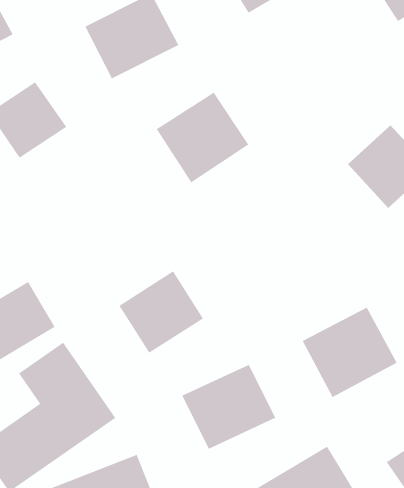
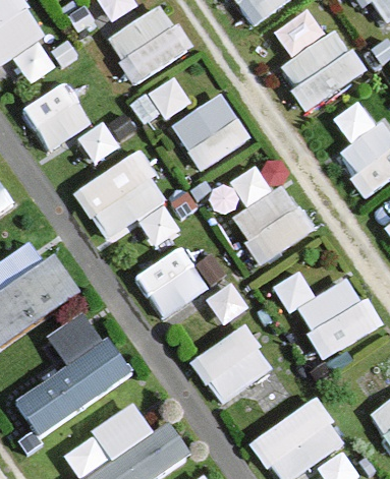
building: none -> [282,35,360,103]
building: none -> [74,149,172,242]
building: none -> [232,185,314,264]

